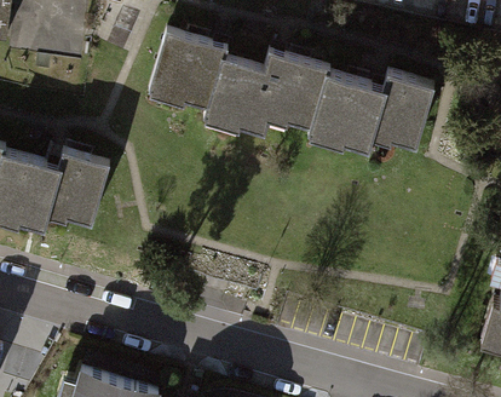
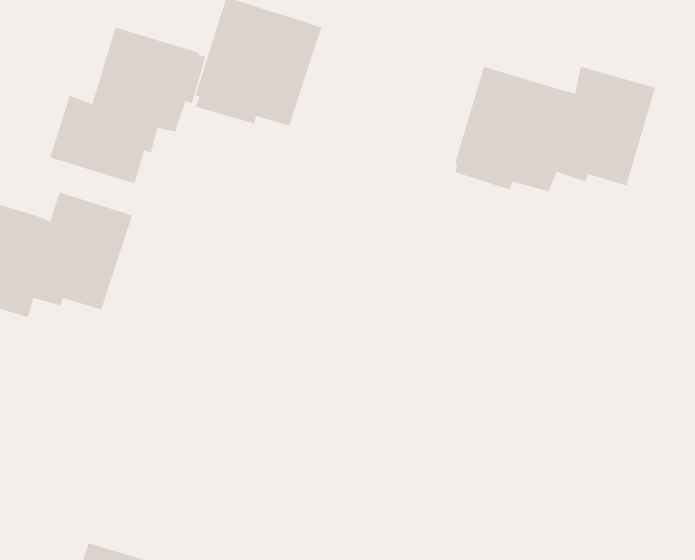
building: none -> [50,27,206,184]
building: [206,47,330,130] -> none

